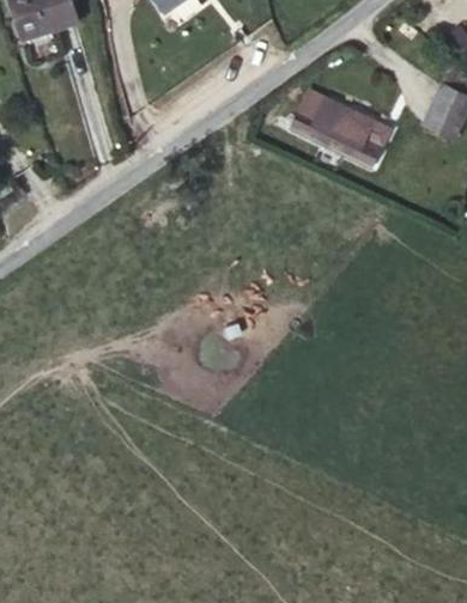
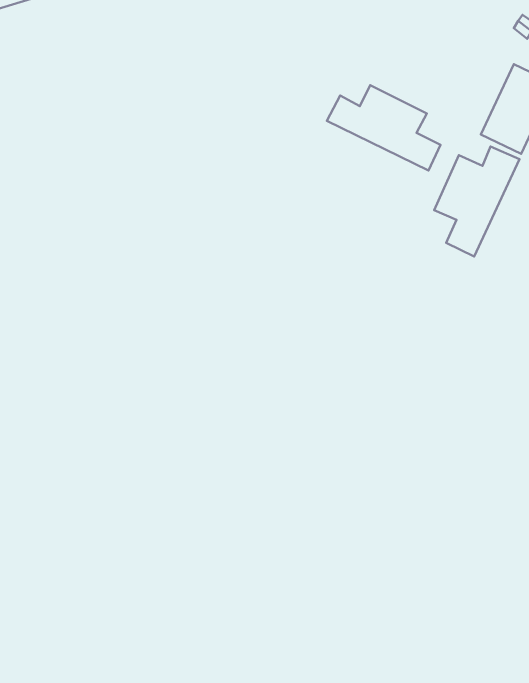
building: none -> [434,147,520,256]

